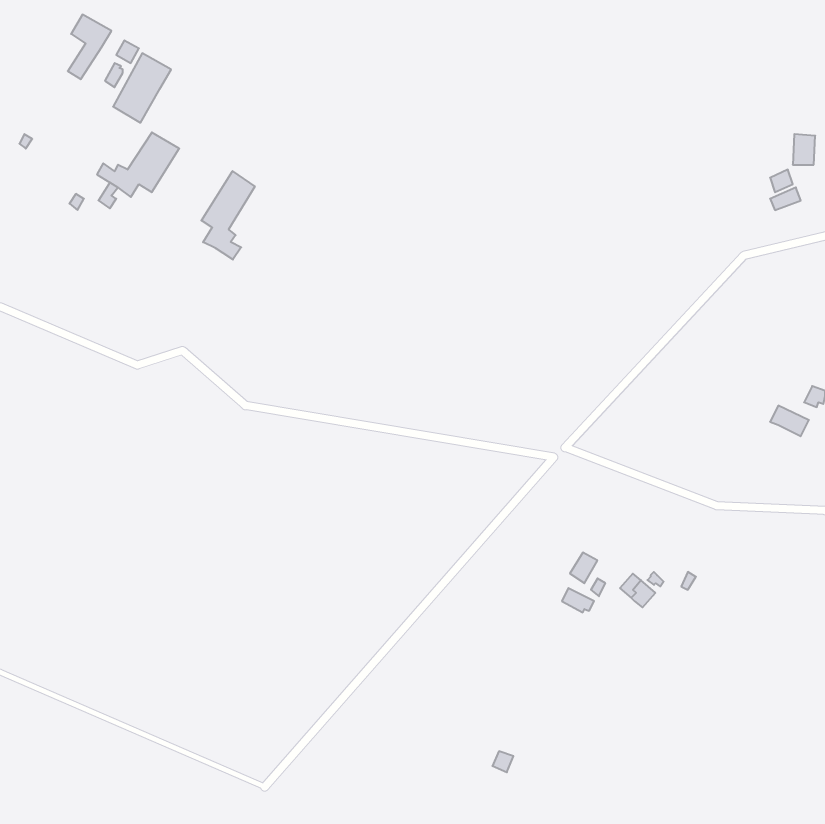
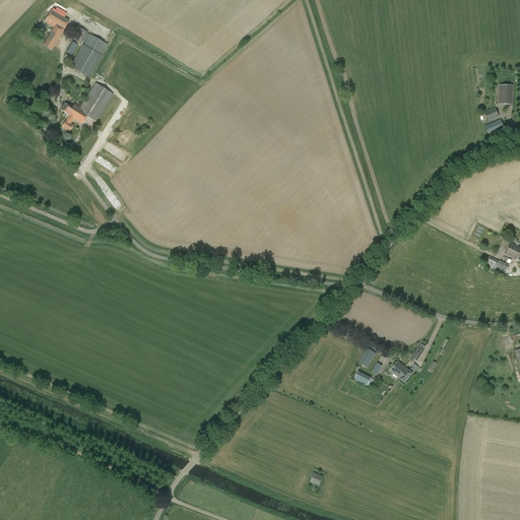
building: [201,171,255,260] -> none

